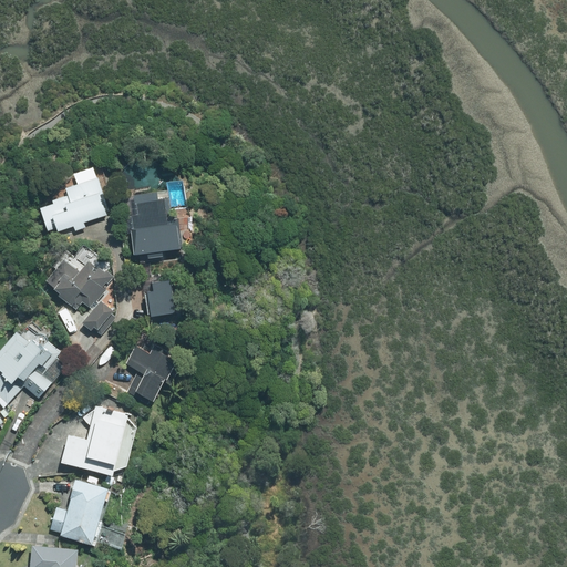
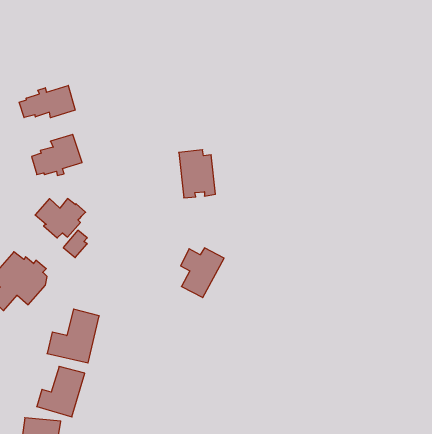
building: none -> [19,85,75,118]
building: [126,190,174,252] -> [179,150,215,198]
building: [147,279,176,315] -> none
building: [123,342,179,406] -> [181,248,224,298]

